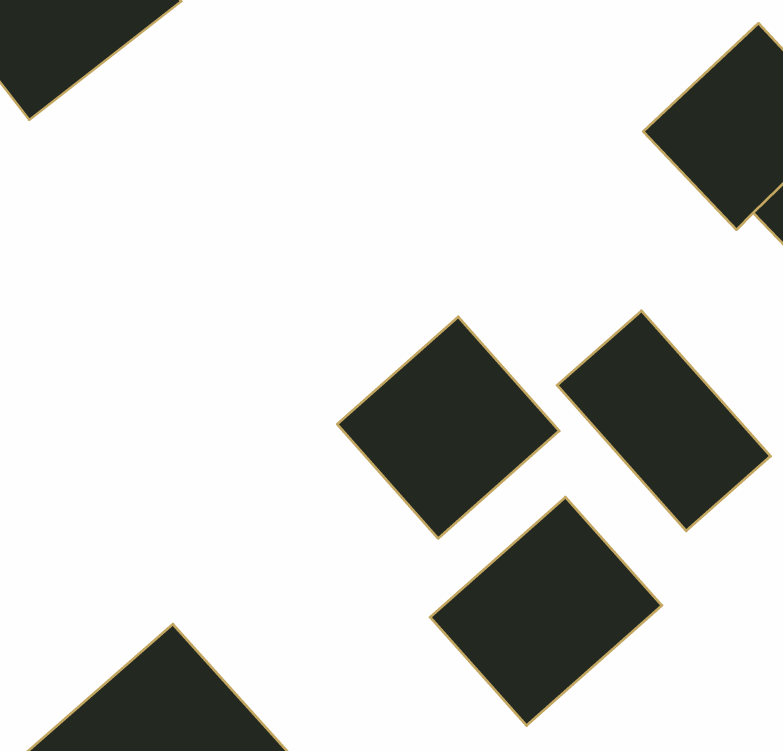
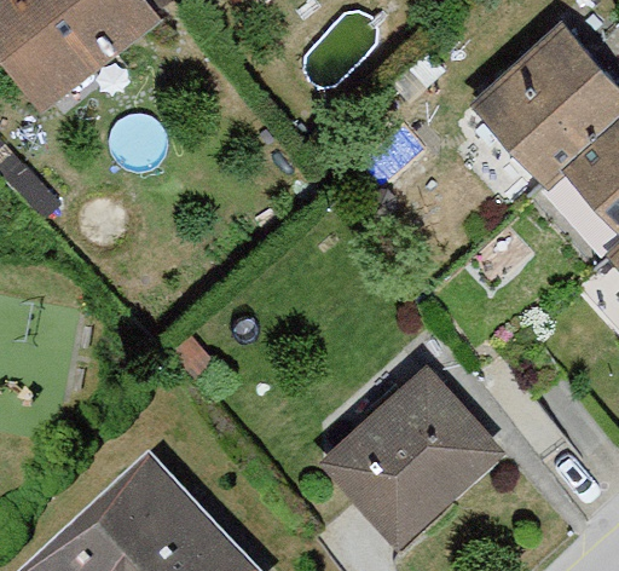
building: [557,311,771,531] -> none
building: [337,317,559,538] -> none

